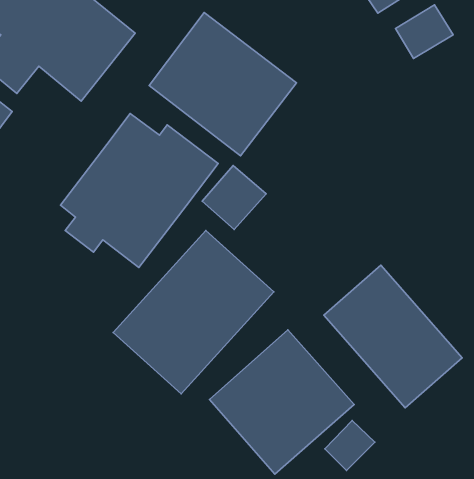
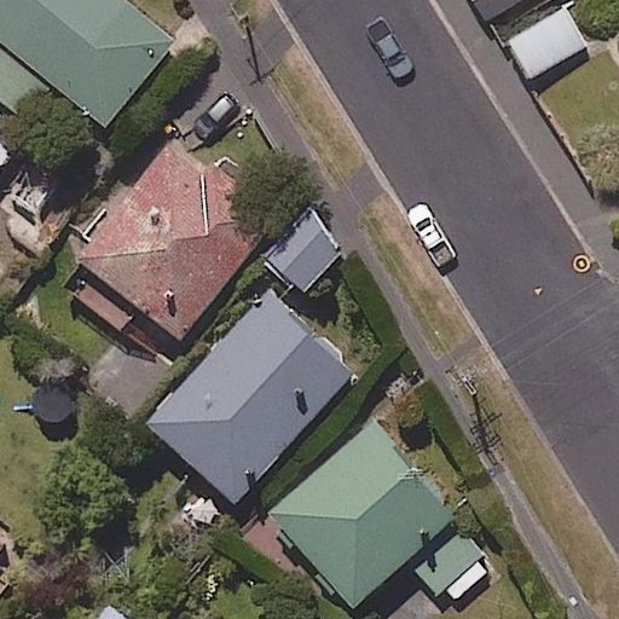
building: [149,12,297,156] -> none
building: [324,265,462,408] -> none

